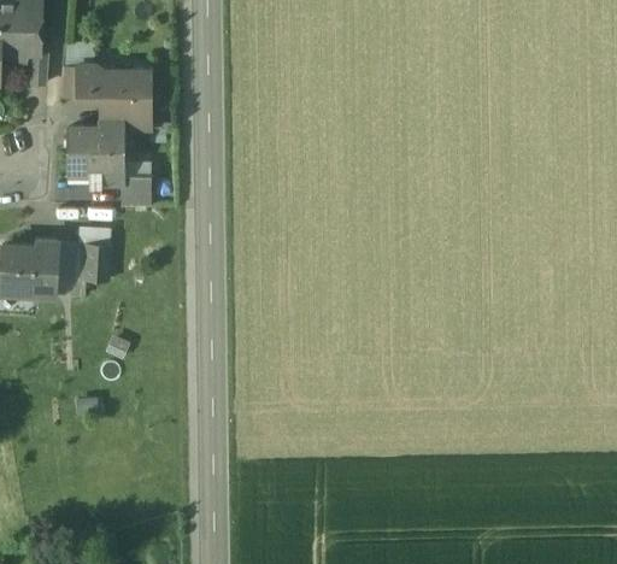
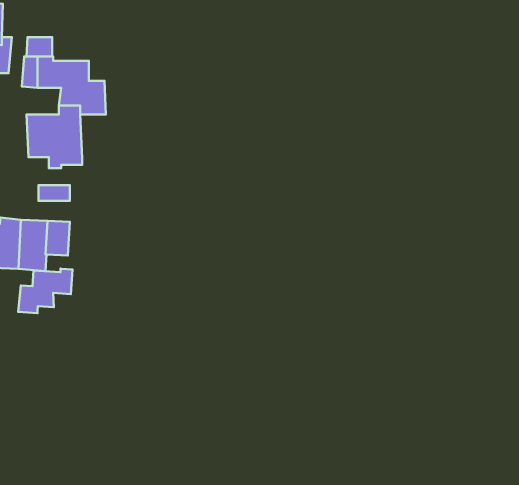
building: [122,175,151,205] -> none
building: none -> [18,269,72,313]

